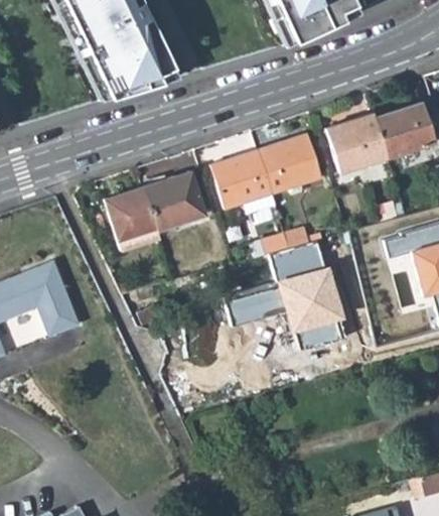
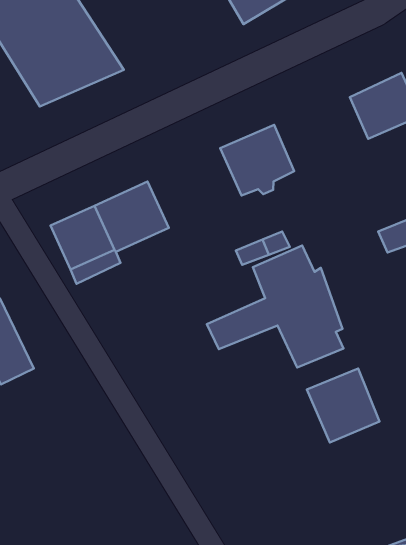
building: [324,112,387,172] -> none
building: [209,150,275,215] -> none
building: none -> [307,369,379,442]

